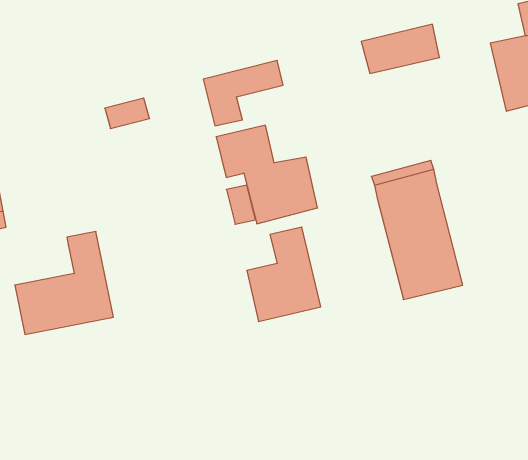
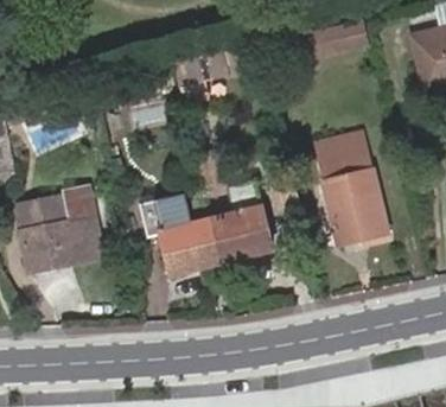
building: [216,125,318,224] -> [138,196,221,276]
building: none -> [17,202,70,234]

